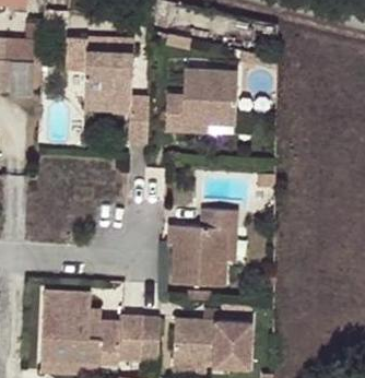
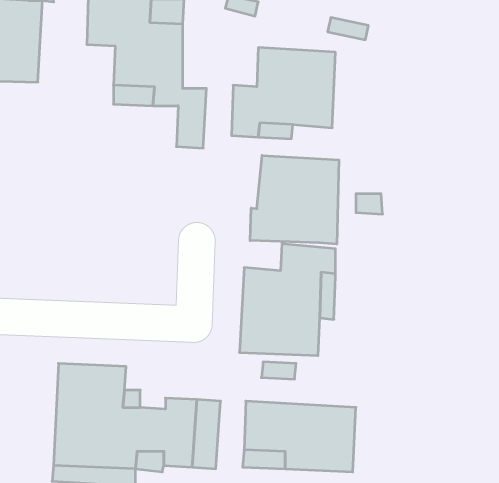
building: none -> [250,155,339,244]

